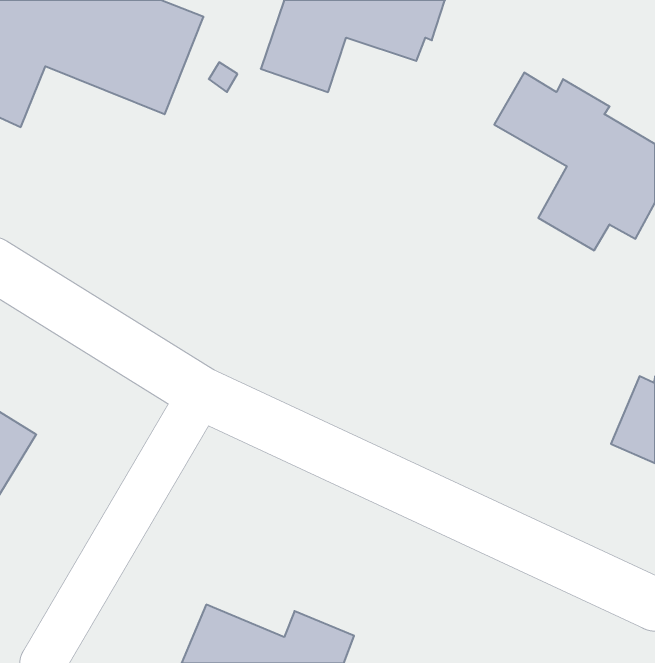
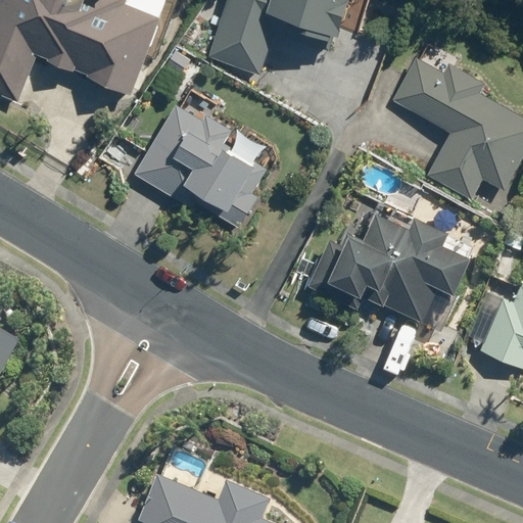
building: none -> [134,104,266,226]
building: none -> [307,210,472,321]

